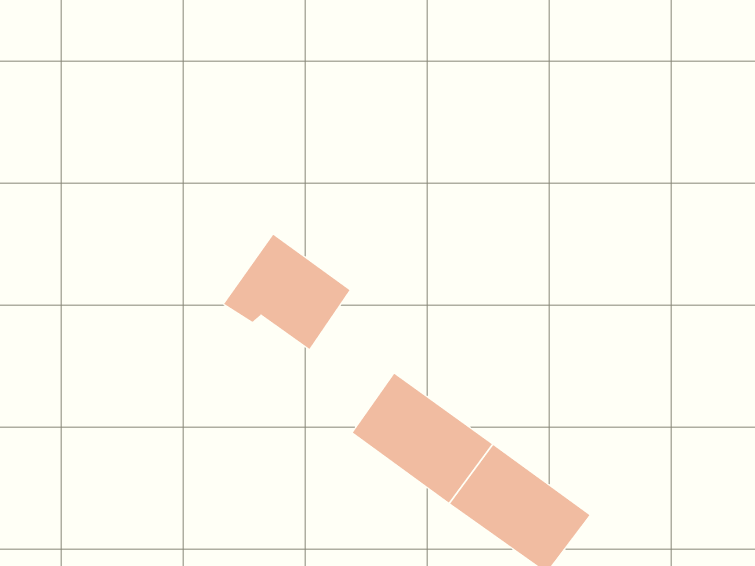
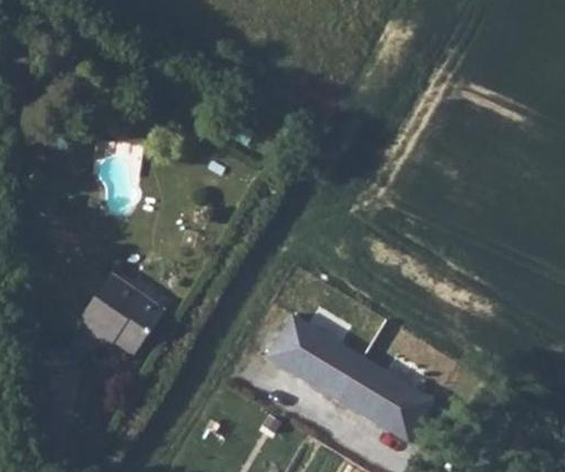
building: [223,234,350,350] -> [76,278,163,356]

